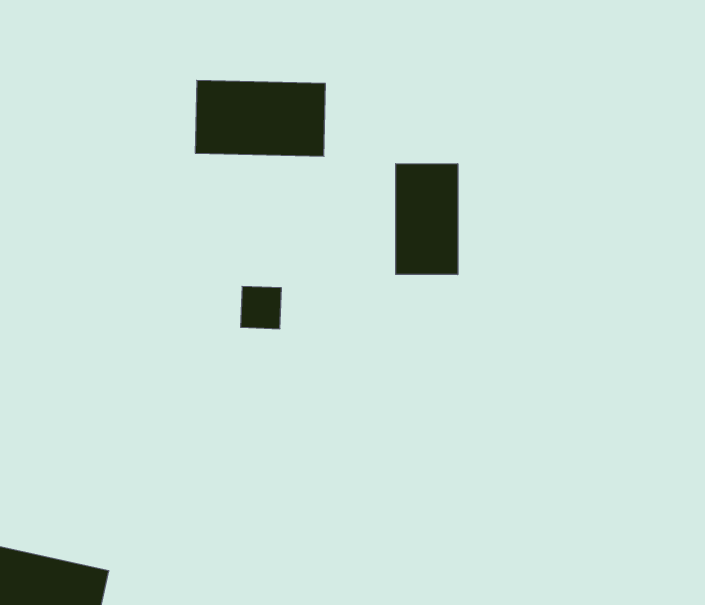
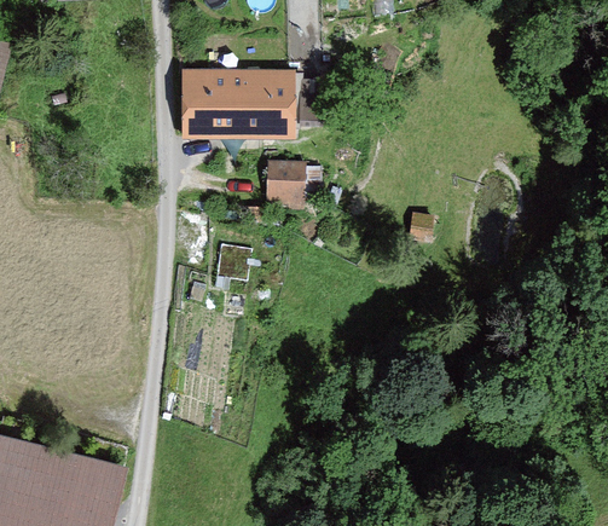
building: [396,164,458,275] -> none
building: none -> [264,160,302,201]

